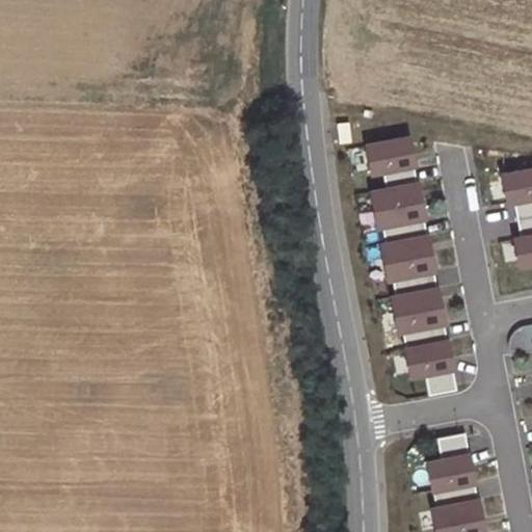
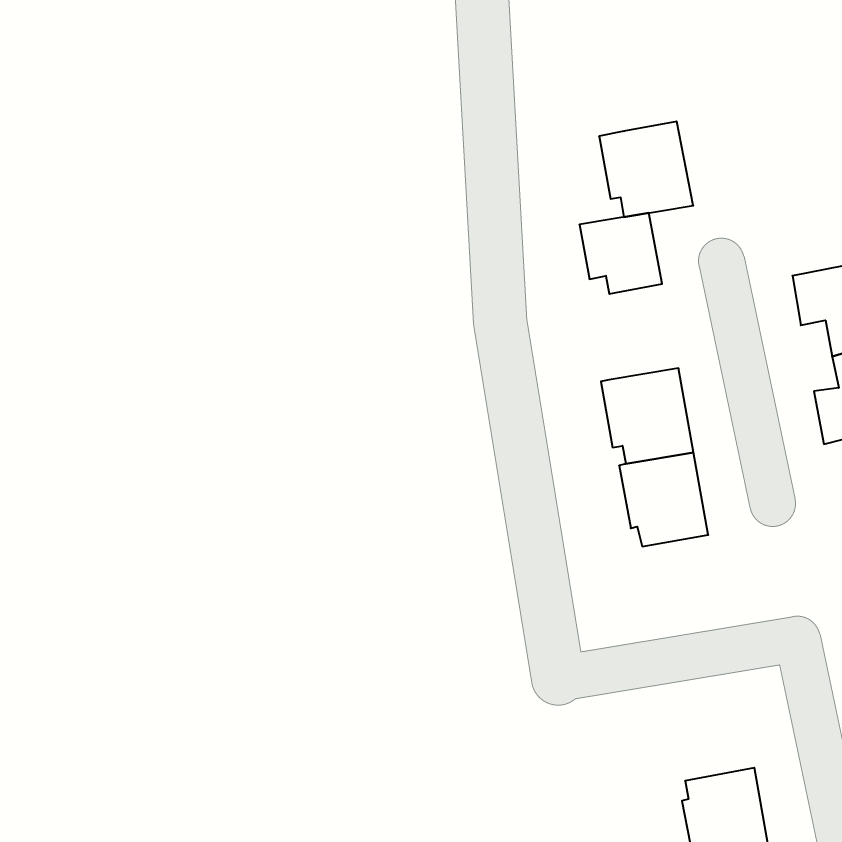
building: [369,180,428,240] -> [599,121,693,217]
building: [404,338,457,396] -> none
building: [426,432,476,493] -> none

